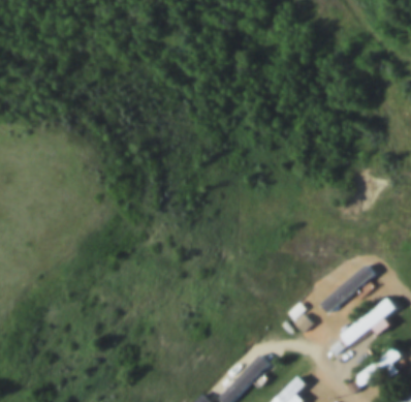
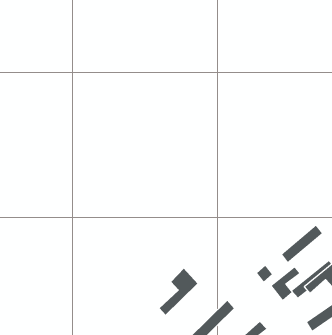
building: none -> [271,266,300,301]
building: none -> [159,268,198,315]

